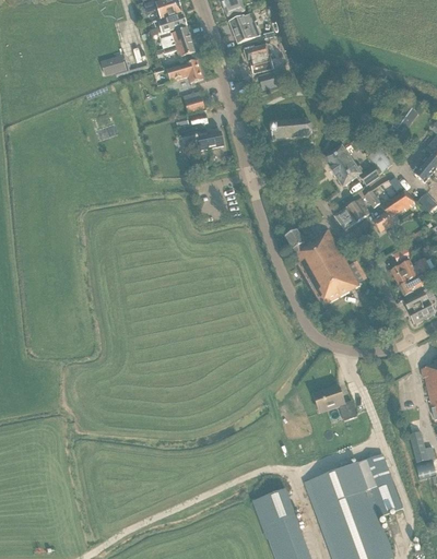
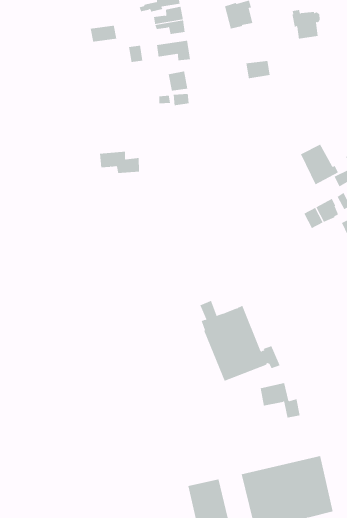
building: [243,44,272,73] -> [291,10,320,39]
building: [270,119,311,140] -> none
building: [179,127,222,150] -> [99,151,140,173]
building: [284,228,371,307] -> [200,300,280,381]

